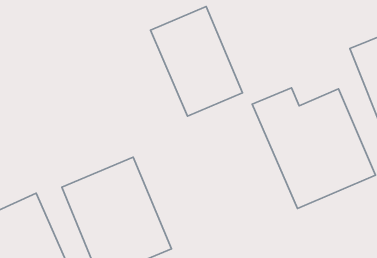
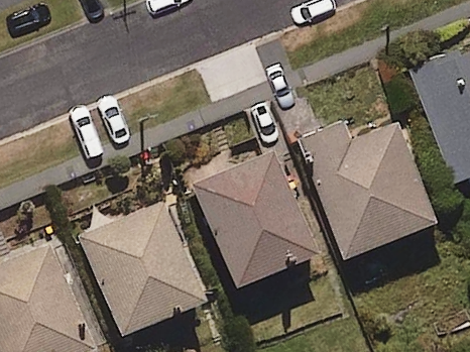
building: [151,7,243,116] -> none
building: none -> [190,148,319,292]

